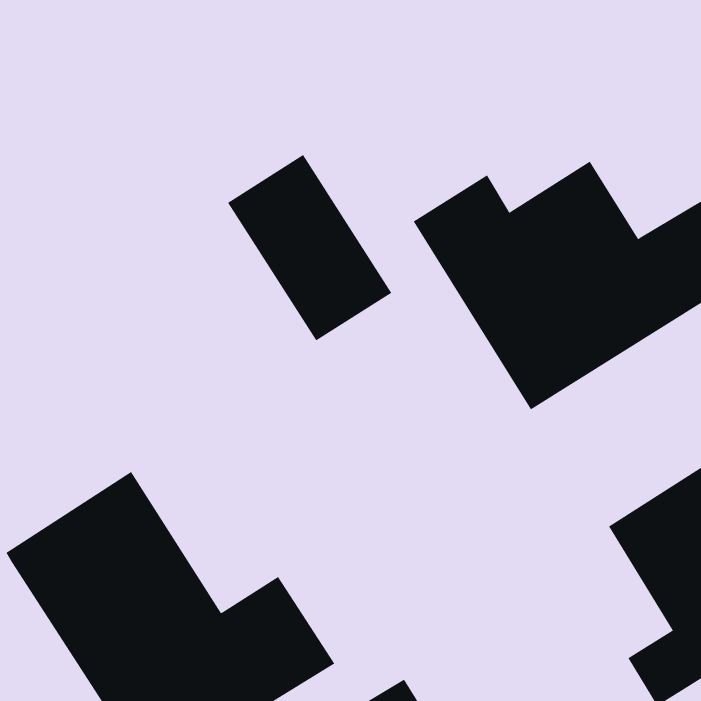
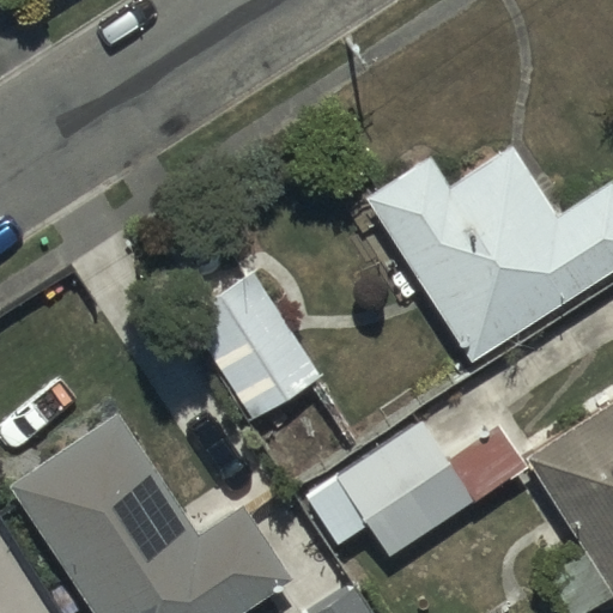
building: [227,154,392,341] -> [177,261,320,423]
building: none -> [310,425,524,546]

